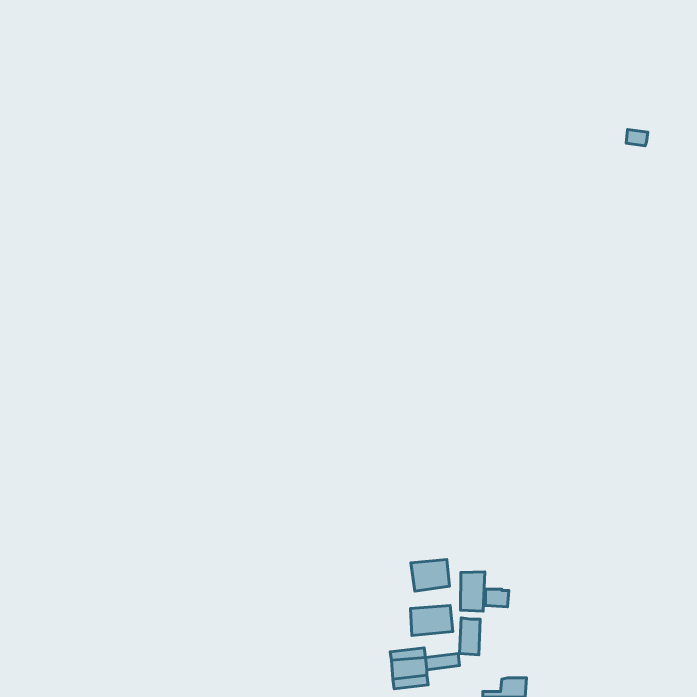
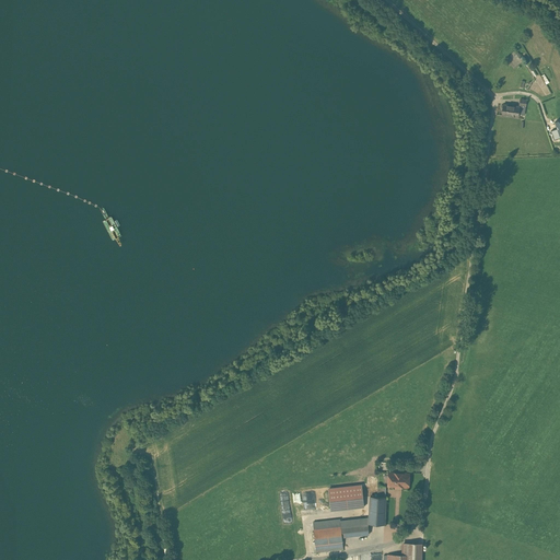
building: [411,559,450,591] -> none
building: [460,572,485,611] -> none

